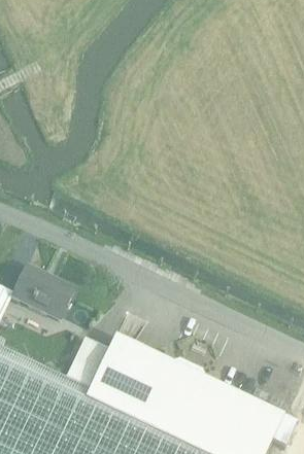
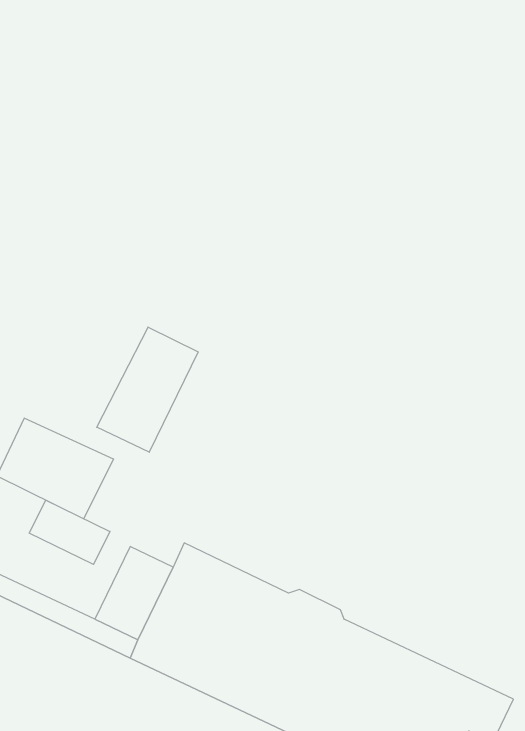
building: none -> [97,327,198,452]
building: none -> [29,500,110,564]

